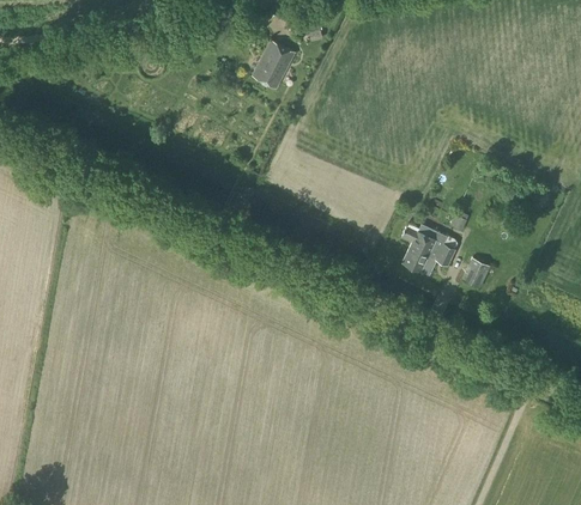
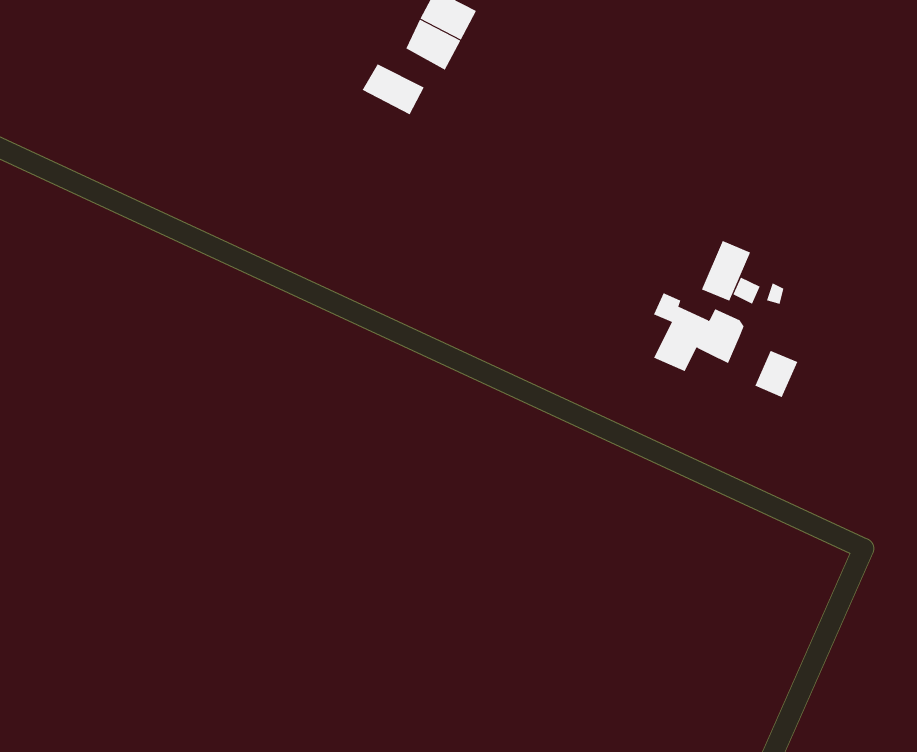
building: none -> [362,64,424,115]
building: none -> [701,240,751,302]

